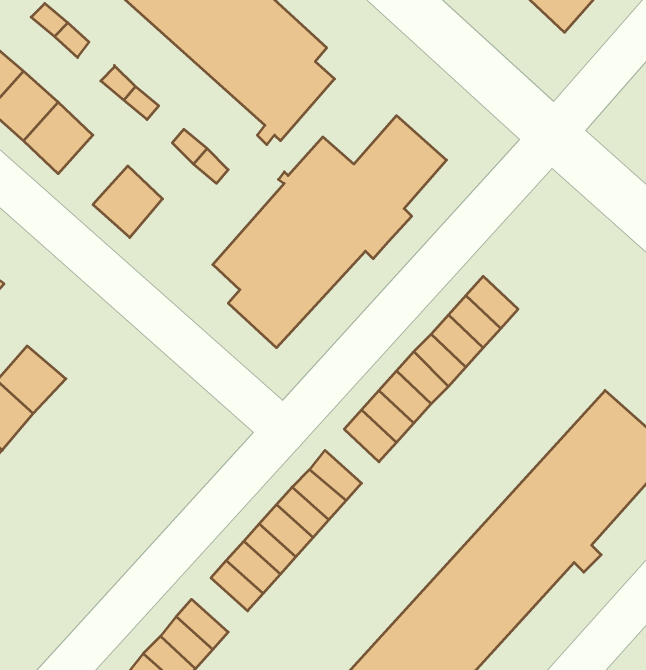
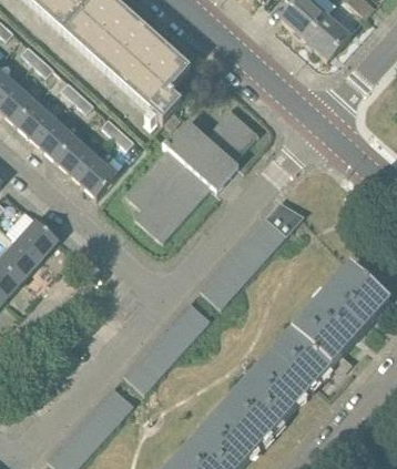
building: none -> [35,120,75,160]
building: none -> [77,156,116,196]
building: none -> [18,220,58,259]

